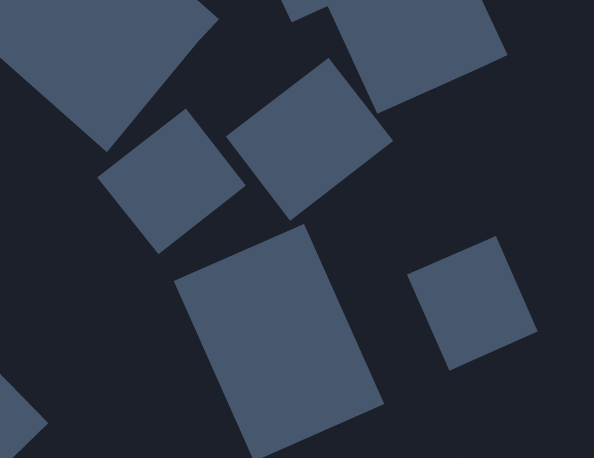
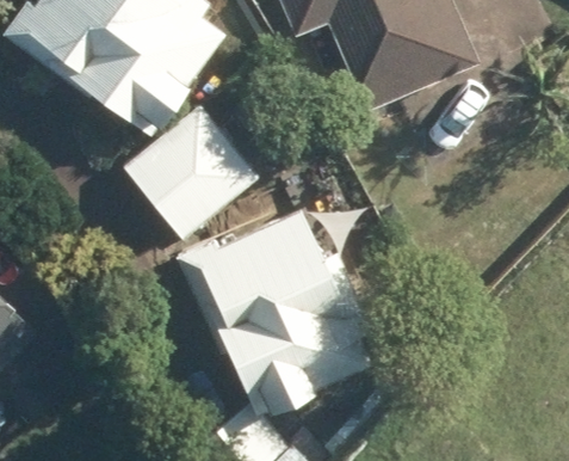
building: [225,57,394,222] -> none
building: [406,235,538,371] -> none

